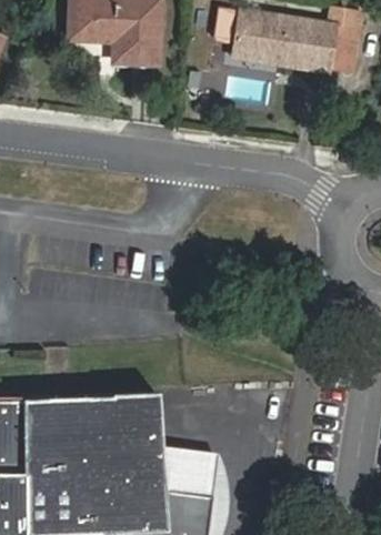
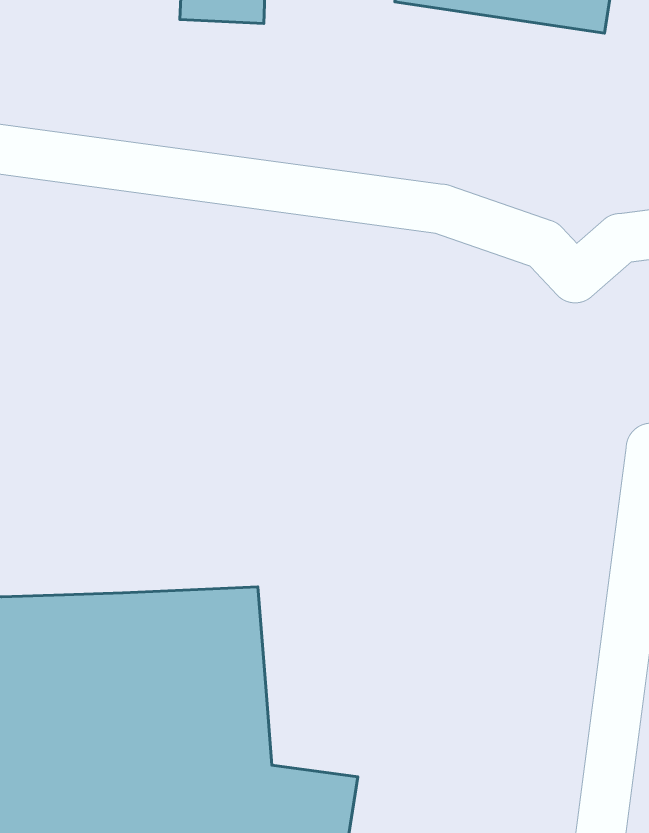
building: [160,443,217,494] -> none

